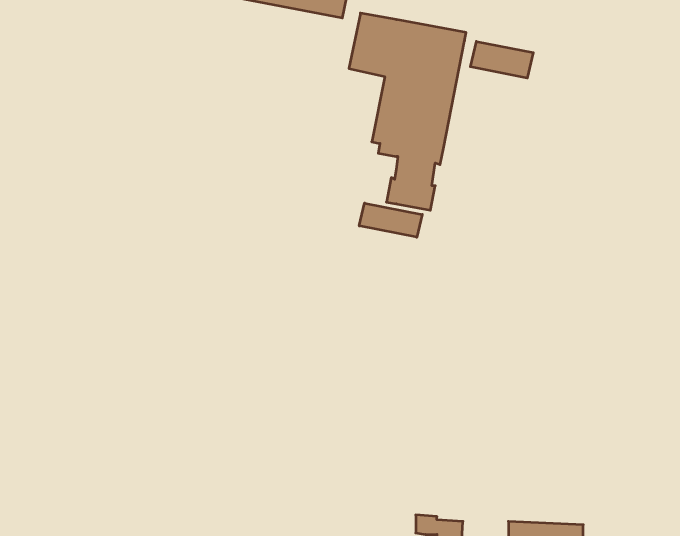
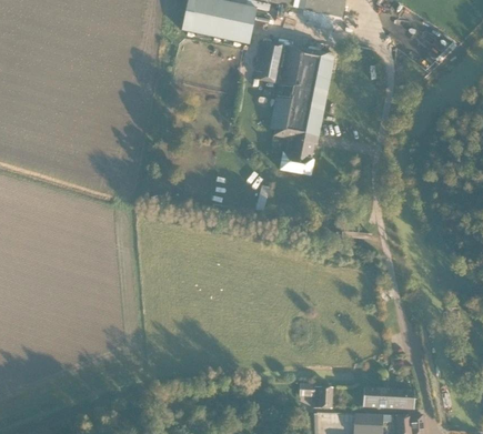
building: [470,41,533,78] -> none
building: [359,203,422,237] -> none

